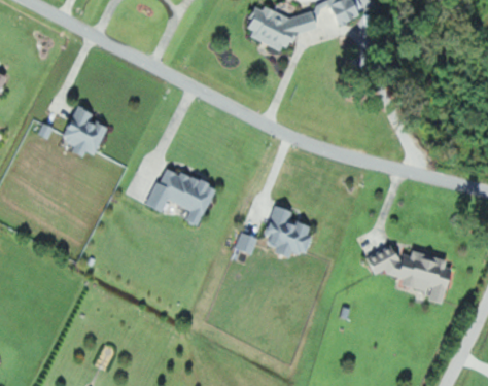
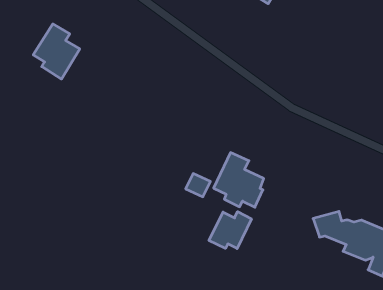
building: [146,168,216,227] -> none
building: none -> [209,212,251,249]

